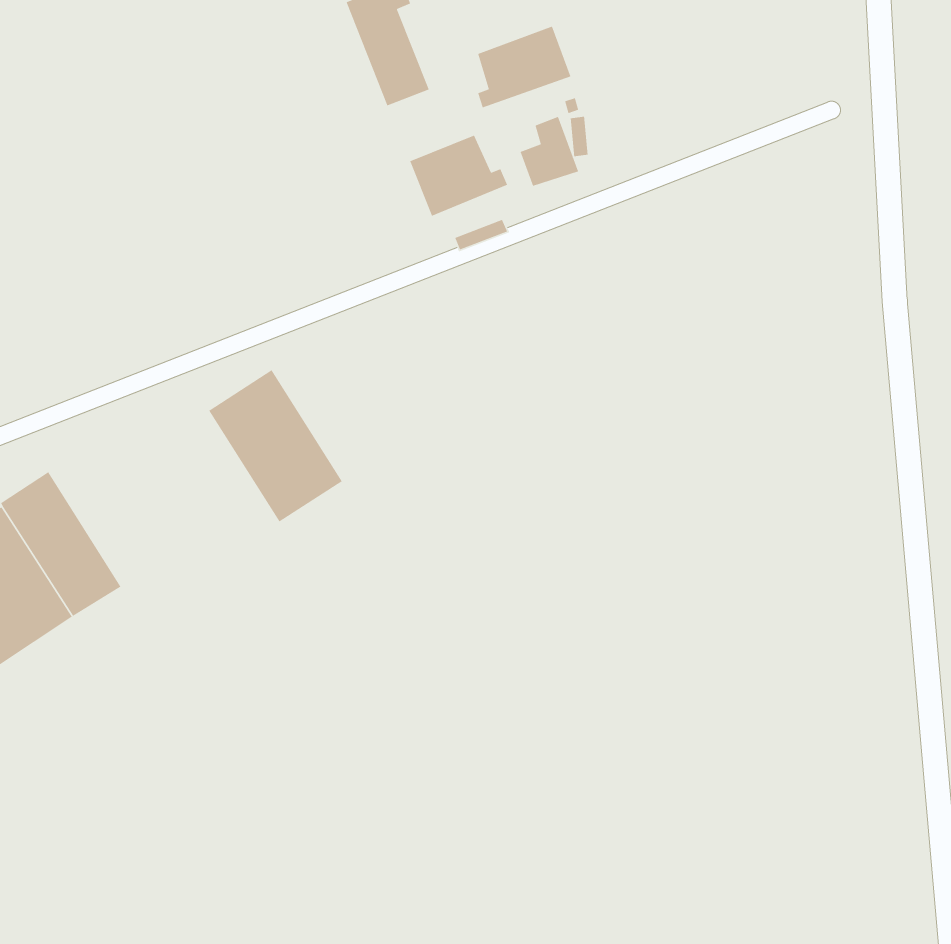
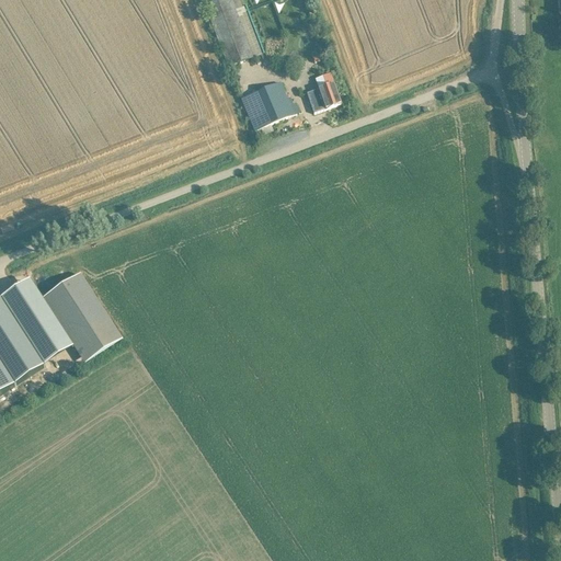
building: [477,26,571,109] -> none
building: [208,369,343,523] -> [42,270,121,359]

